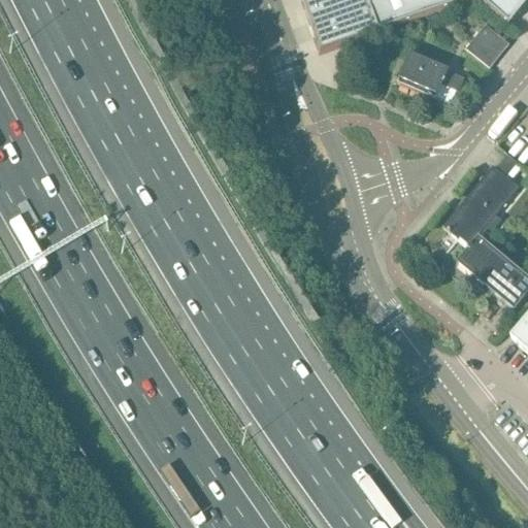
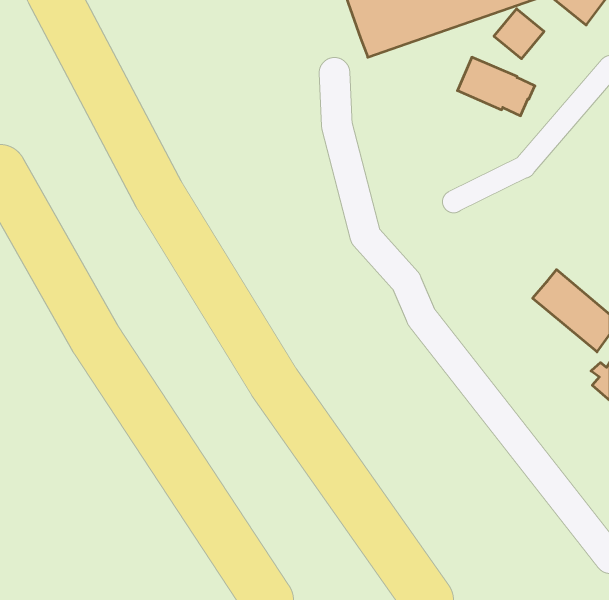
building: [465,21,508,64] -> [494,9,544,59]
building: [444,151,520,243] -> none

